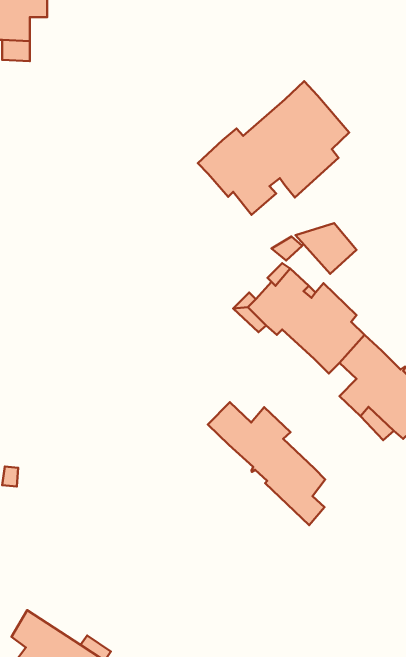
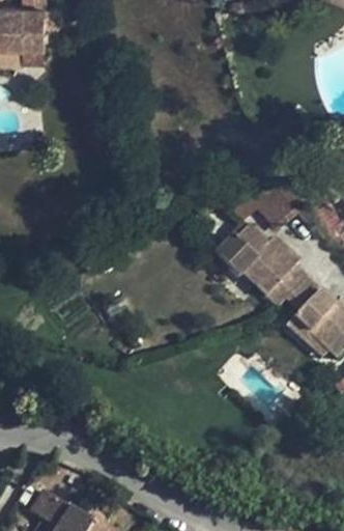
building: [198,81,349,215] -> none
building: [208,402,325,525] -> none

